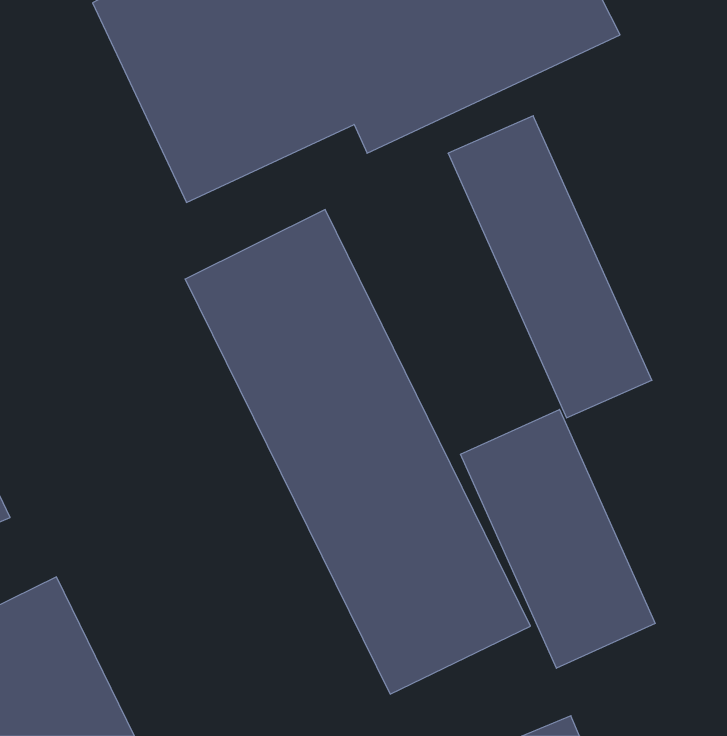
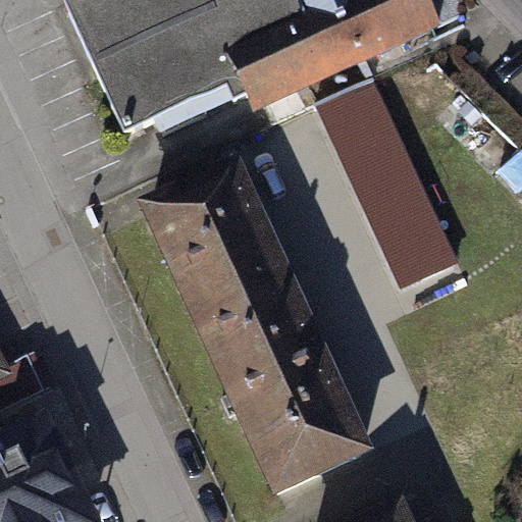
building: [461,409,655,668] -> none

